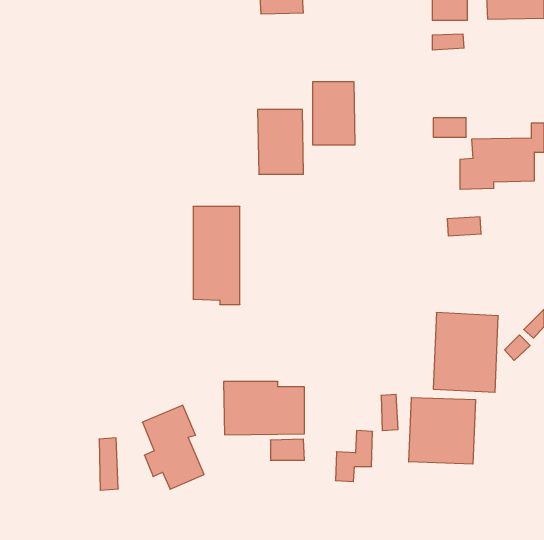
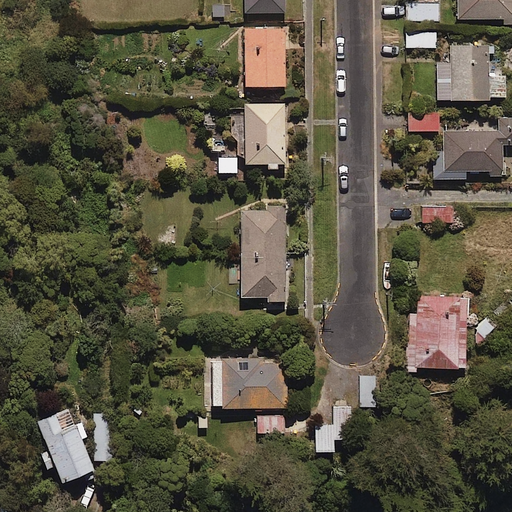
building: none -> [437,46,504,100]
building: [313,82,355,145] -> [245,28,285,87]
building: [193,207,240,304] -> [241,209,285,301]
building: [409,397,475,464] -> none
building: [142,405,204,489] -> [36,407,94,486]

